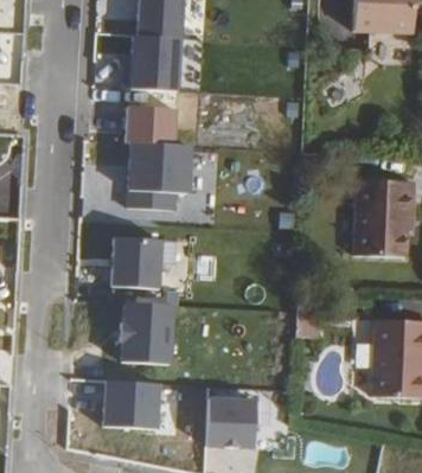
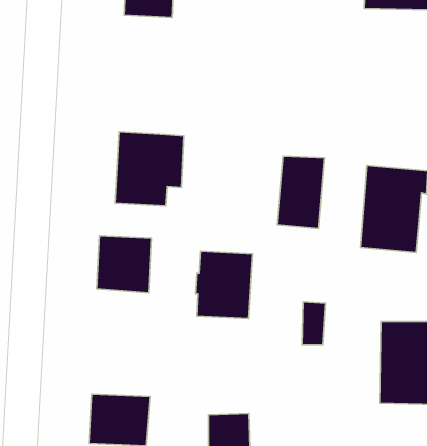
building: [121,36,180,91] -> none
building: [126,107,177,145] -> none
building: none -> [277,156,325,228]
building: [121,302,173,364] -> [195,251,252,319]

